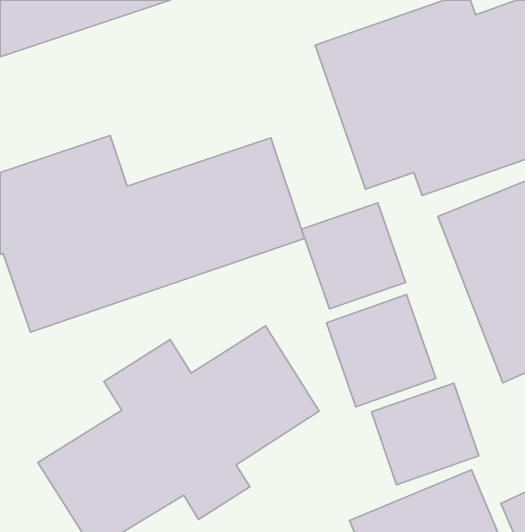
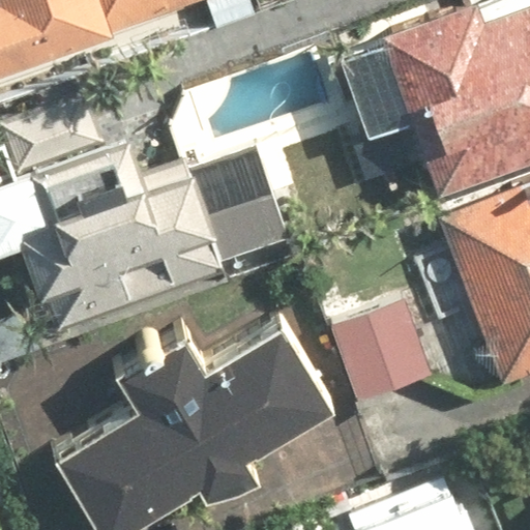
building: [302,203,406,309] -> none
building: [372,383,479,485] -> none

